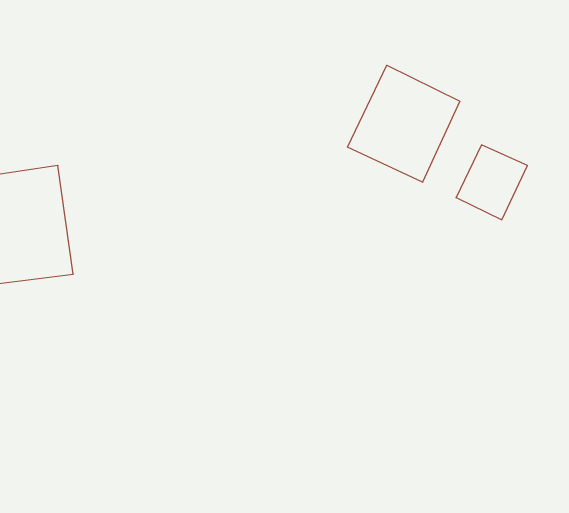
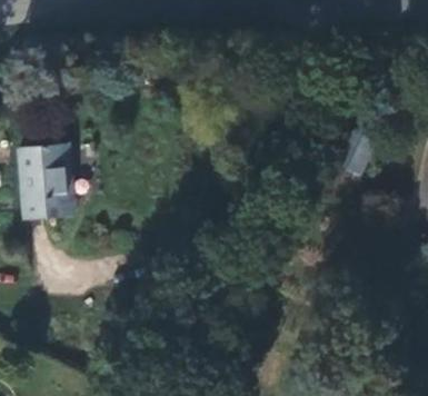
building: [347,65,460,182] -> none

